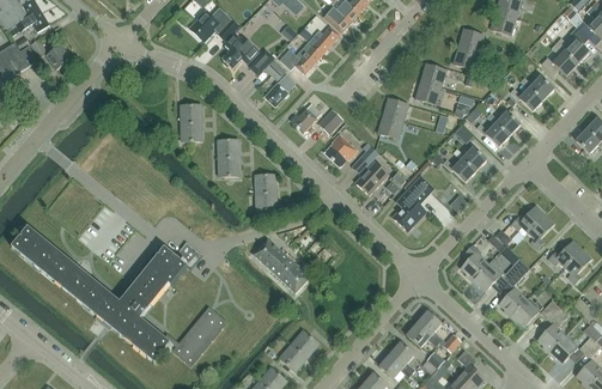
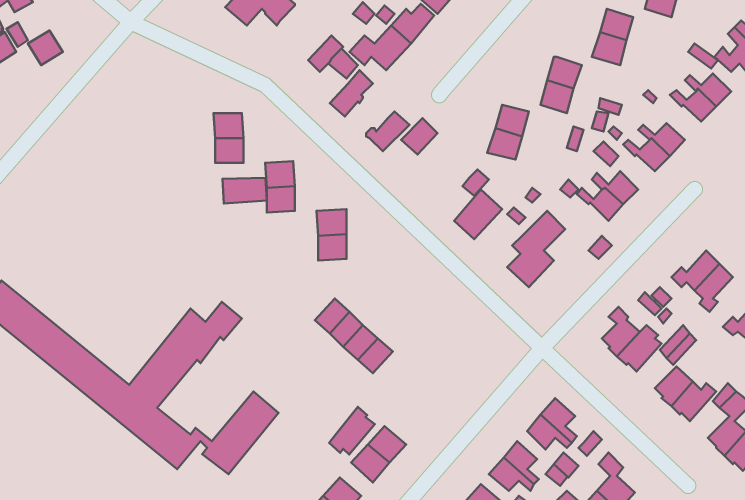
building: [223,32,260,67] -> none
building: [324,134,358,168] -> none
building: none -> [222,178,267,203]
building: none -> [329,407,375,454]

